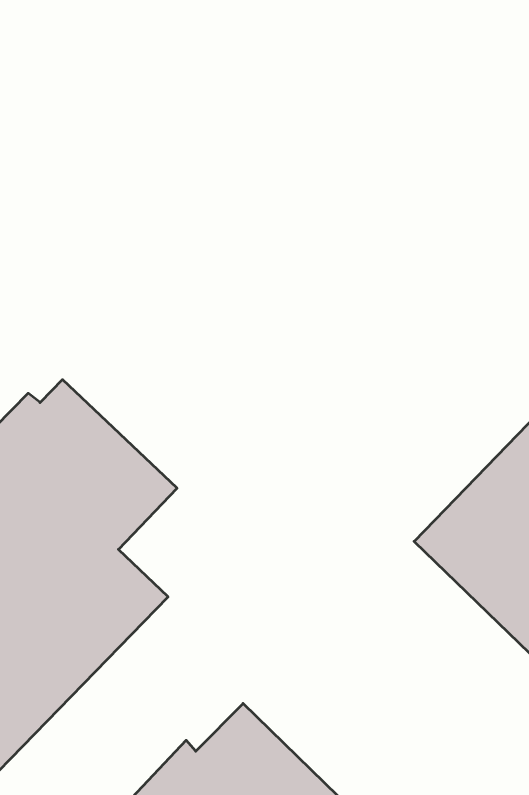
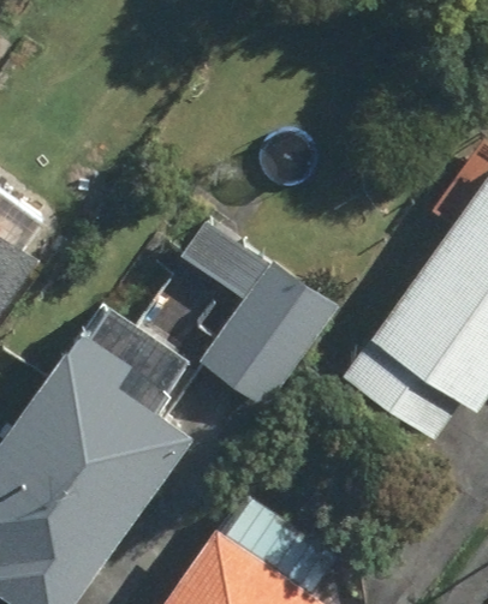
building: none -> [203,259,341,411]

